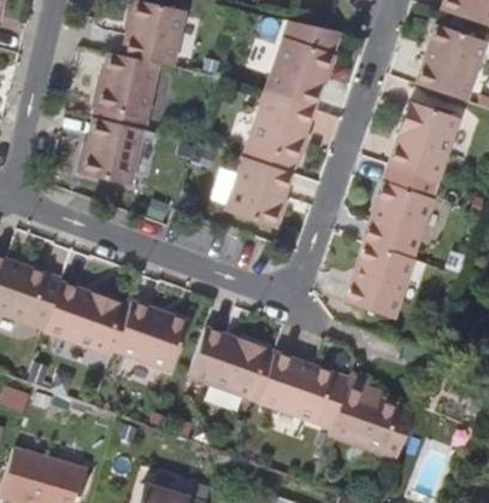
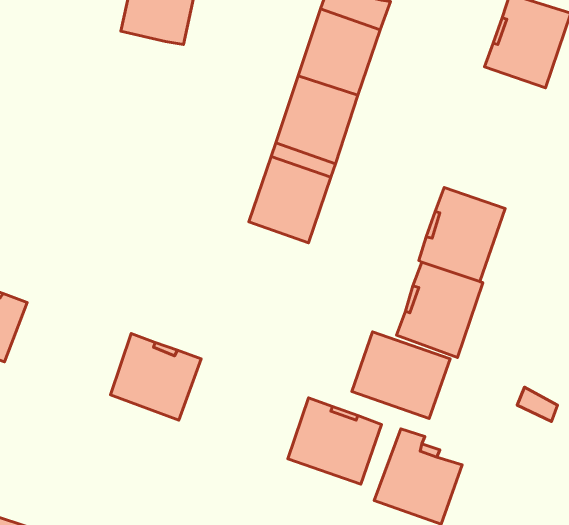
building: [96,53,159,119] -> none
building: [390,103,459,181] -> none
building: [81,117,145,186] -> none
building: [43,282,123,352] -> none
building: [188,328,267,398] -> [352,332,450,418]

